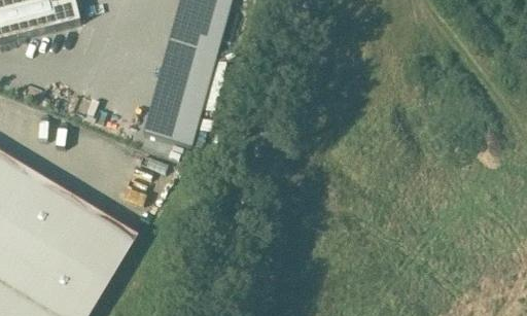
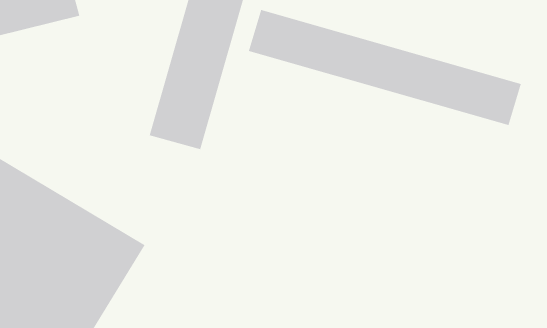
building: none -> [248,9,522,126]

